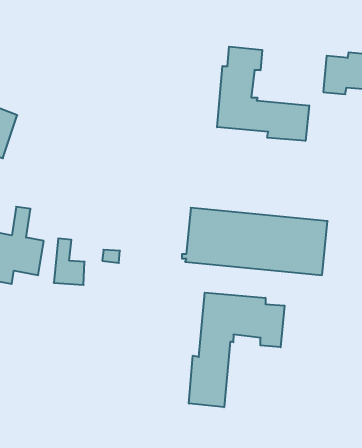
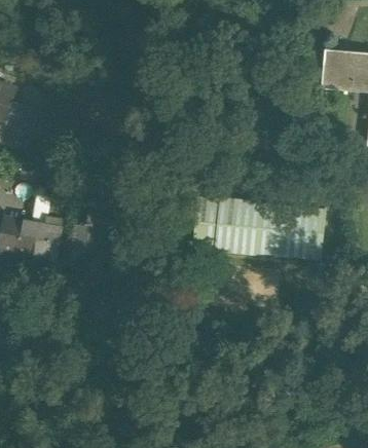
building: [217,47,309,141] -> none
building: [189,293,285,407] -> none

